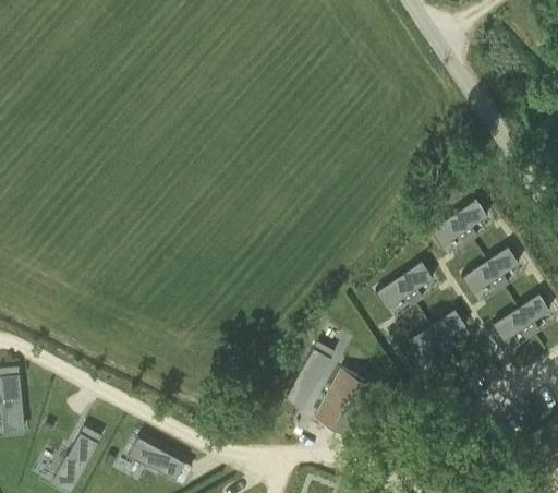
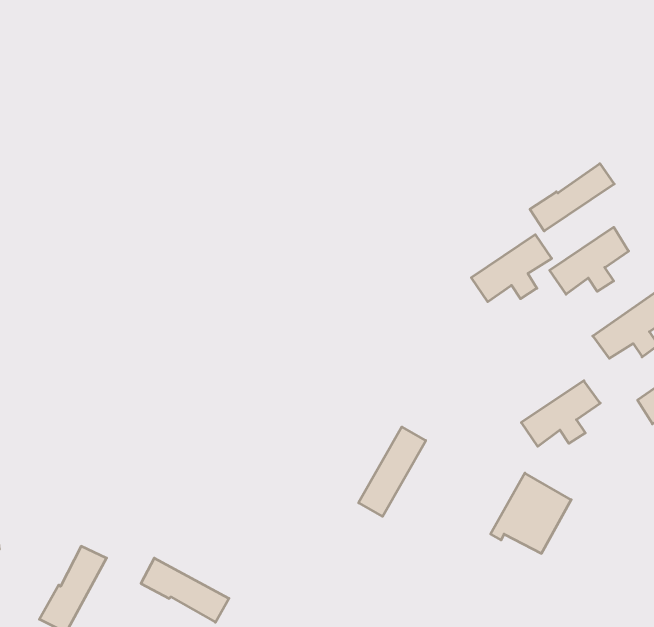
building: none -> [530,164,614,231]
building: [374,262,433,311] -> [471,235,552,302]
building: [318,372,377,431] -> [491,473,571,553]

